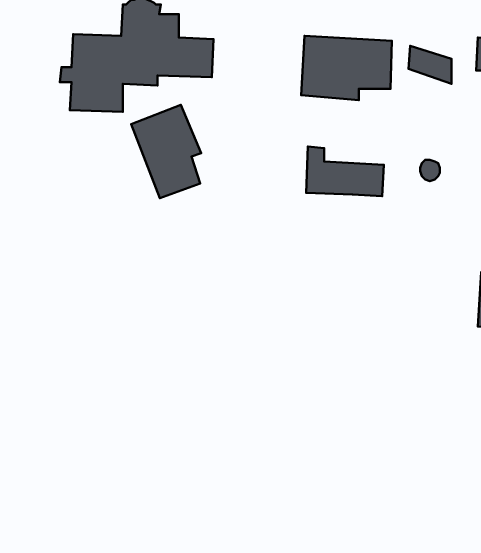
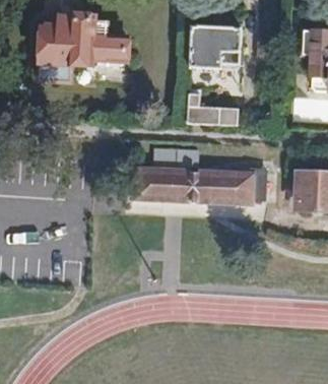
building: [131,105,201,198] -> none
building: none -> [136,168,248,203]

